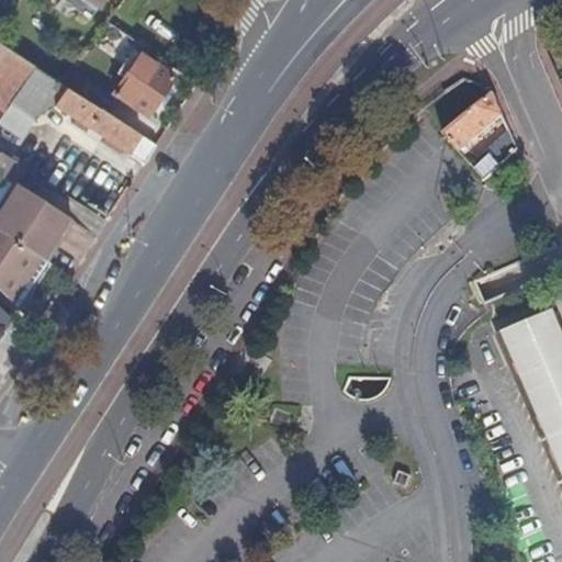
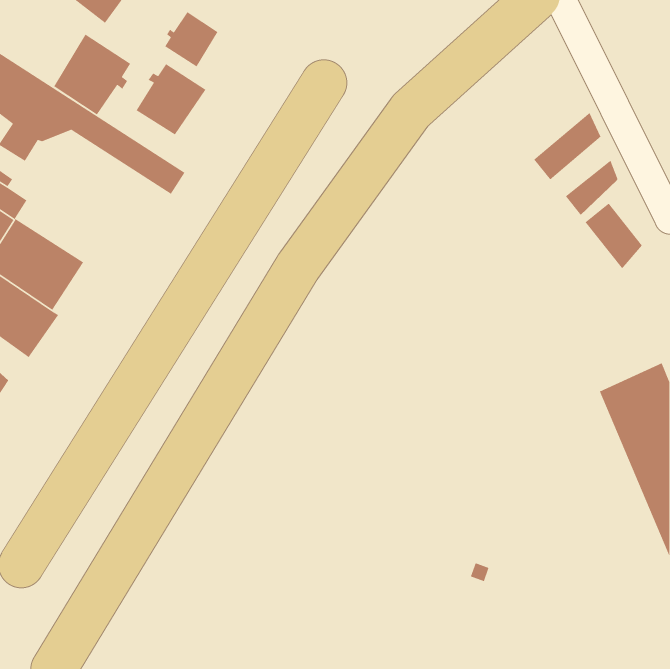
building: none -> [164,11,218,68]
building: none -> [53,34,131,116]
building: none -> [585,202,643,269]

